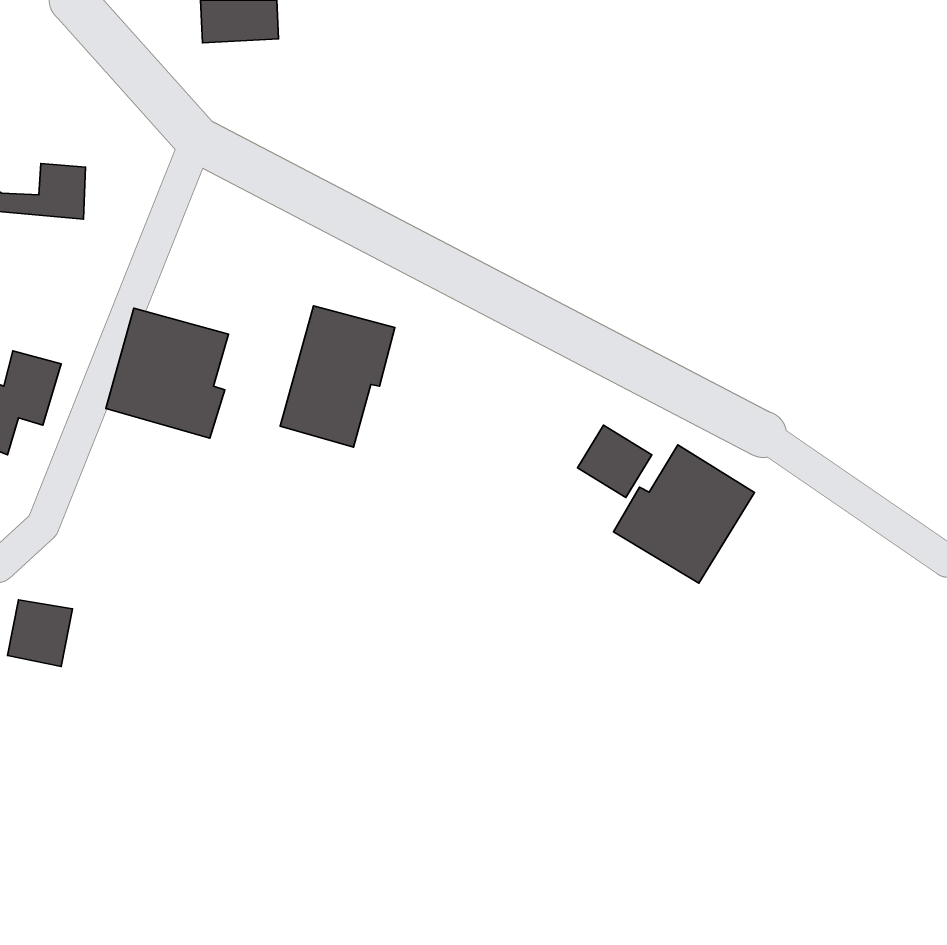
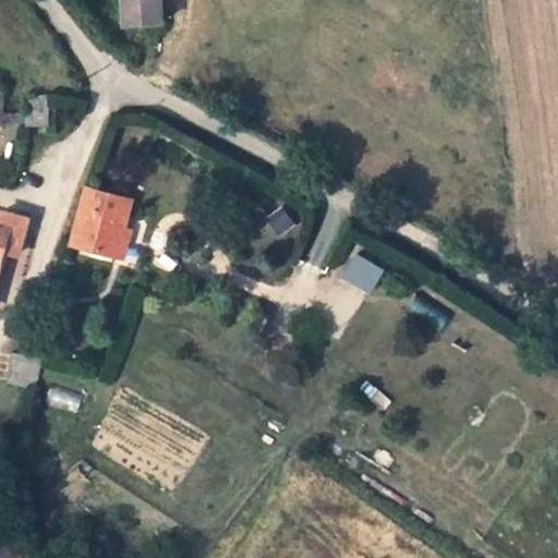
building: [280,306,395,447] -> none
building: [614,445,754,583] -> none

